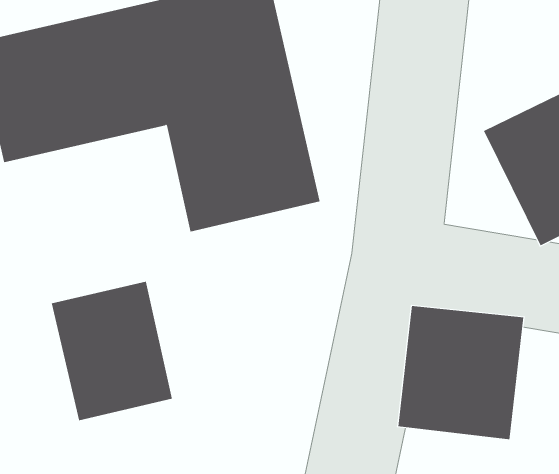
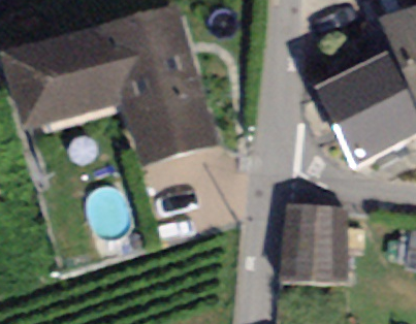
building: [51,281,173,421] -> none

